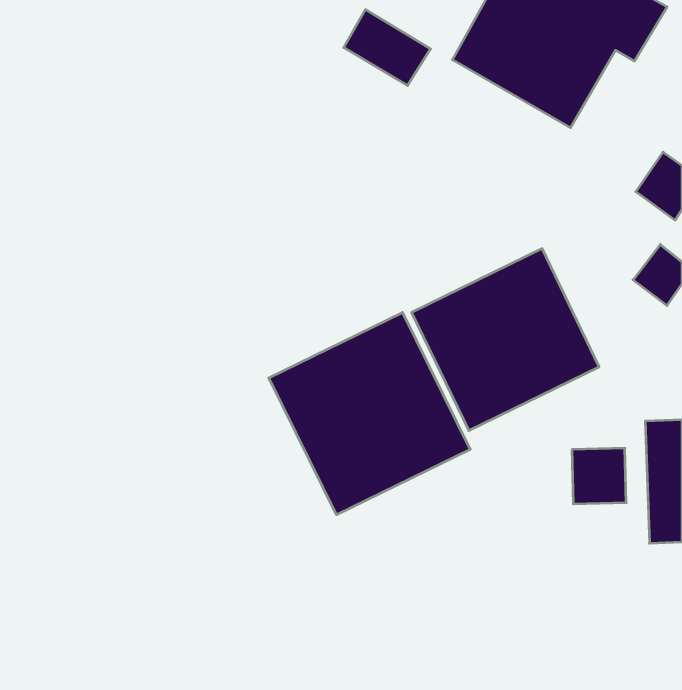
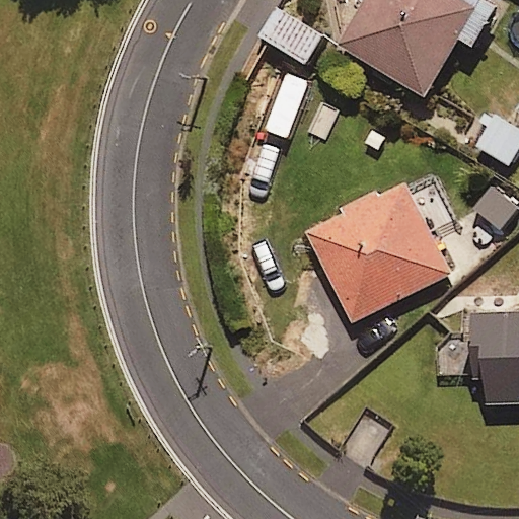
building: [269,312,470,515] -> none

